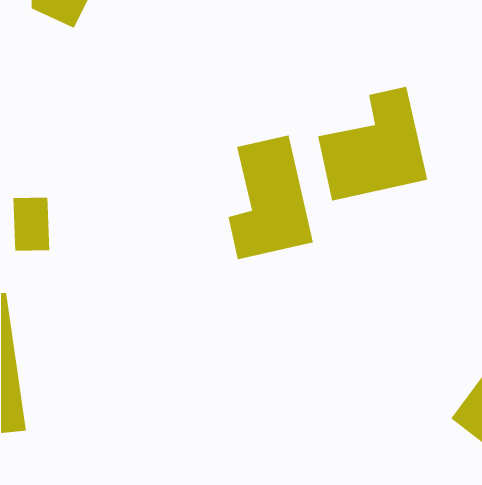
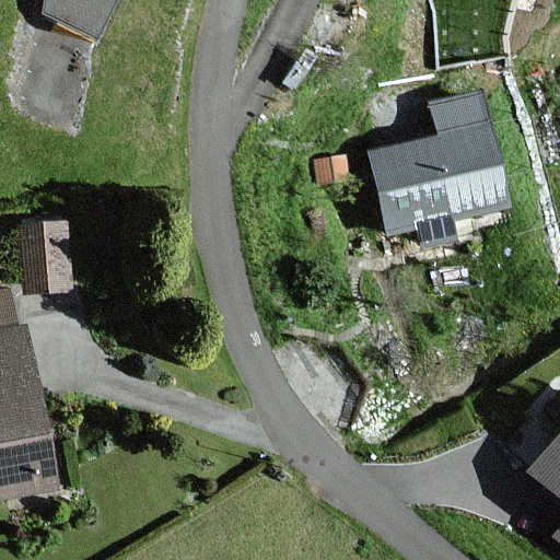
building: [227,134,314,260] -> none

